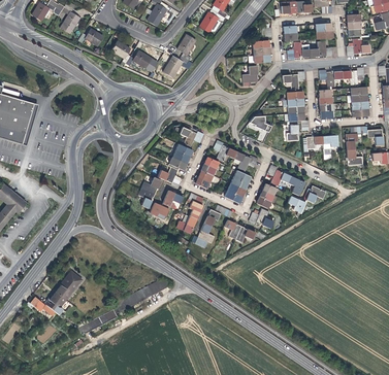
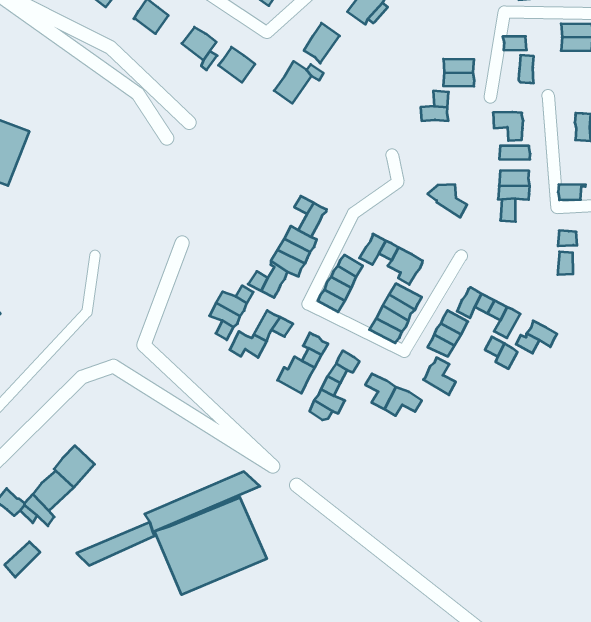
building: none -> [154,497,267,595]

